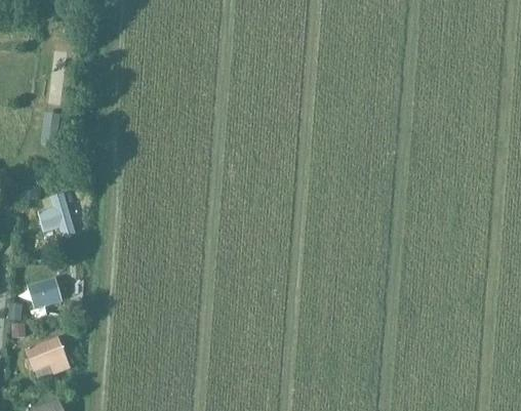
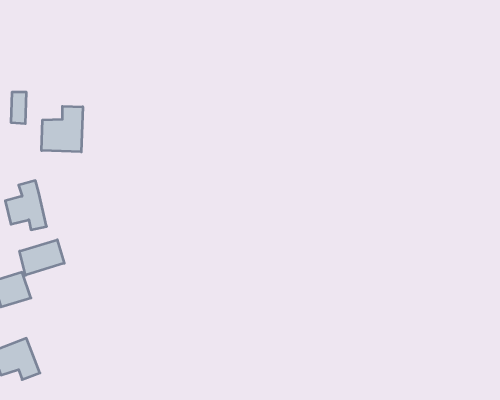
building: none -> [42,106,83,152]
building: none -> [20,240,64,275]

